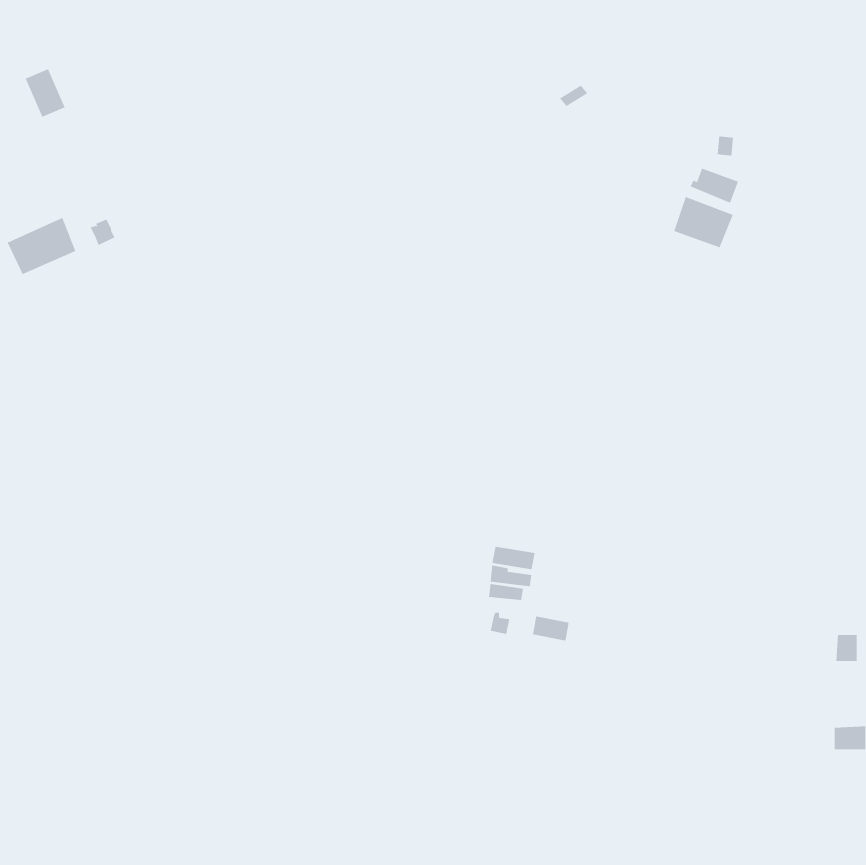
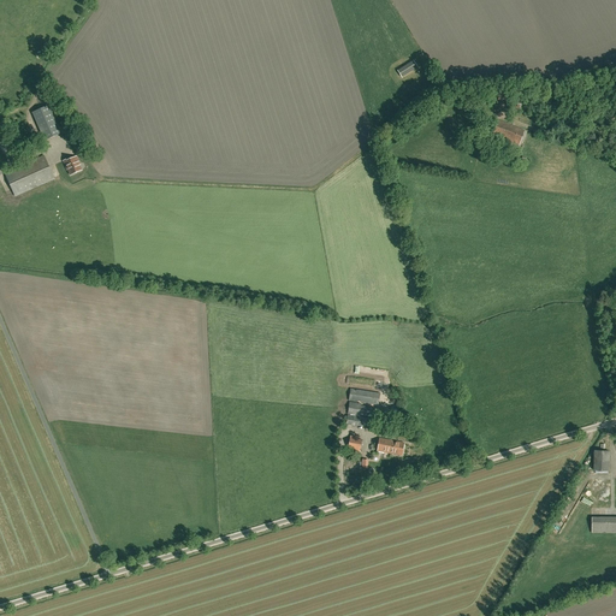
building: [25,68,65,118] -> [32,105,61,140]
building: [674,196,733,248] -> none

